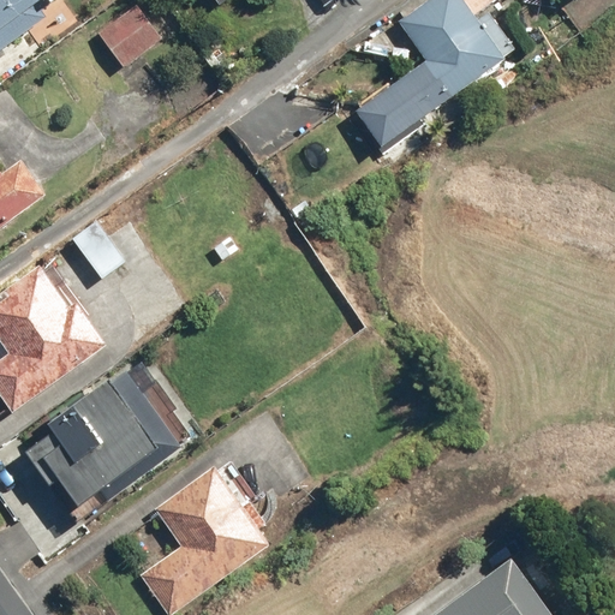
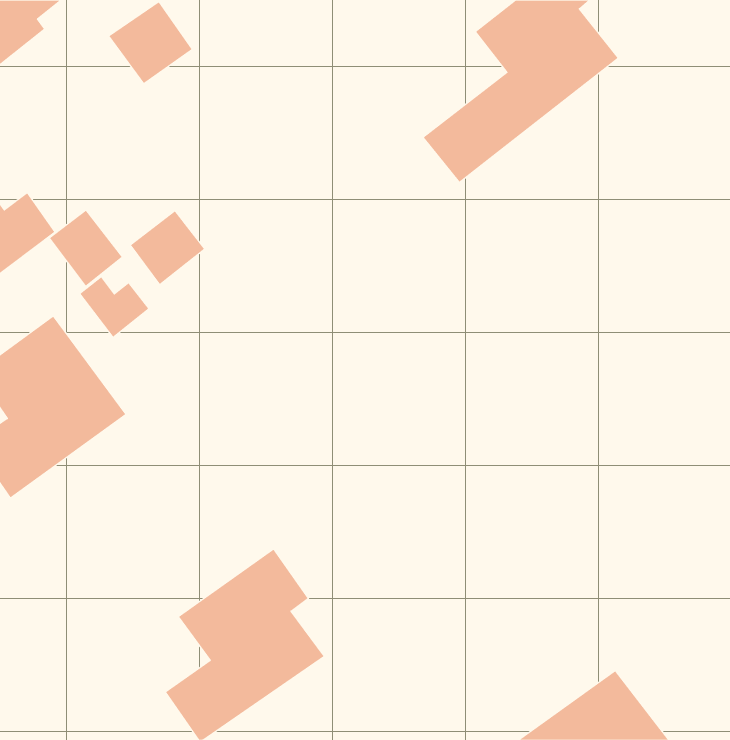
building: none -> [49,210,123,286]
building: none -> [130,210,205,285]
building: [38,376,179,503] -> none

